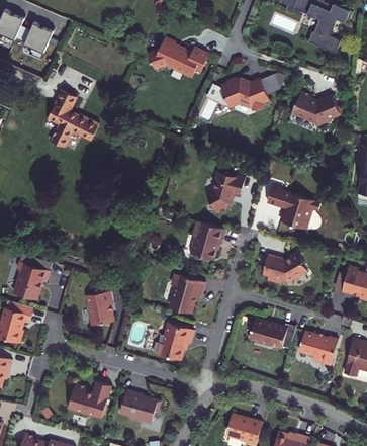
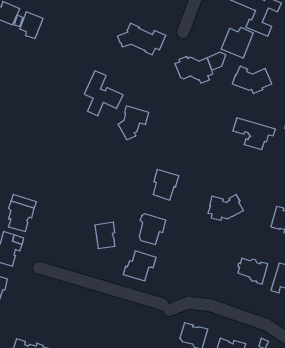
building: none -> [221,27,253,58]
building: [51,92,99,149] -> [84,71,123,116]
building: [205,173,244,215] -> [118,106,149,140]
building: [266,188,319,228] -> [233,118,276,149]
building: [87,290,112,324] -> [95,222,115,249]
building: [250,320,295,349] -> none
building: [67,379,110,416] -> none
building: [118,387,160,420] -> none

